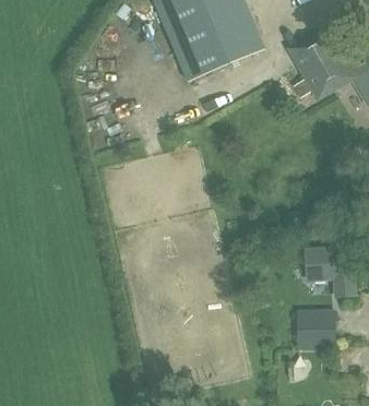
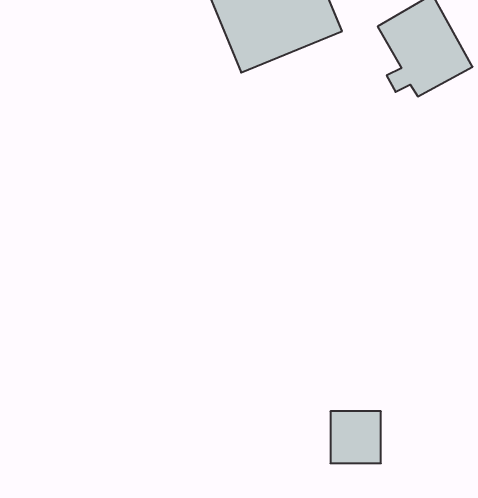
building: [307,243,355,289] -> none
building: [298,309,335,347] -> [330,411,381,463]

